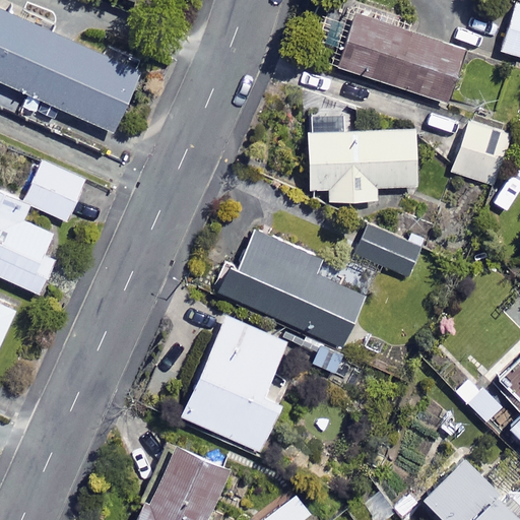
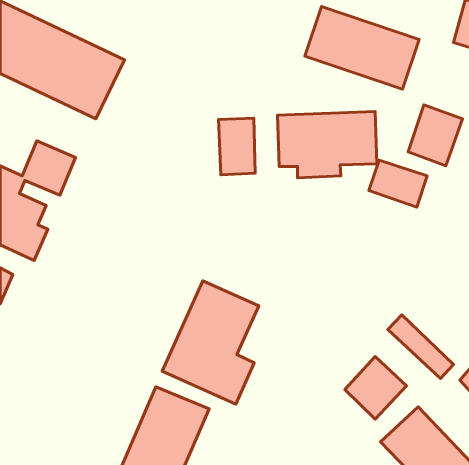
building: none -> [219,118,255,175]
building: [356,229,420,280] -> [369,160,427,207]
building: [220,231,364,346] -> none
building: none -> [345,357,406,419]

